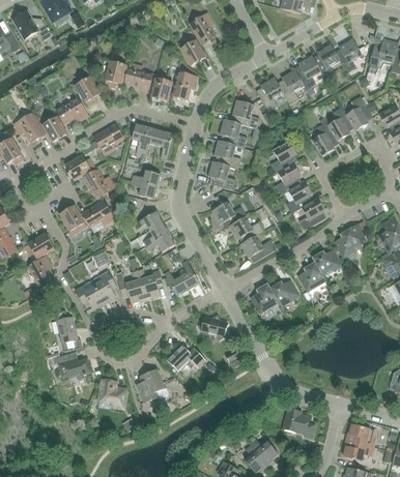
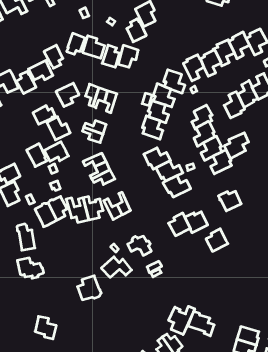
building: [334,223,365,258] -> [224,133,249,158]
building: [296,262,325,292] -> [206,229,228,251]
building: [99,380,126,408] -> [35,316,56,339]
building: none -> [169,306,195,335]

